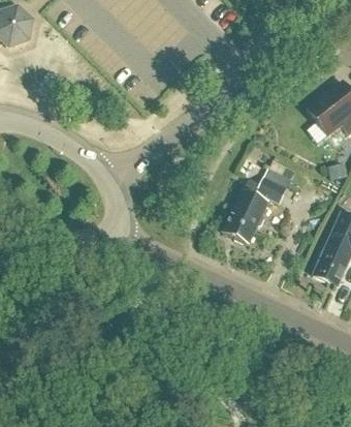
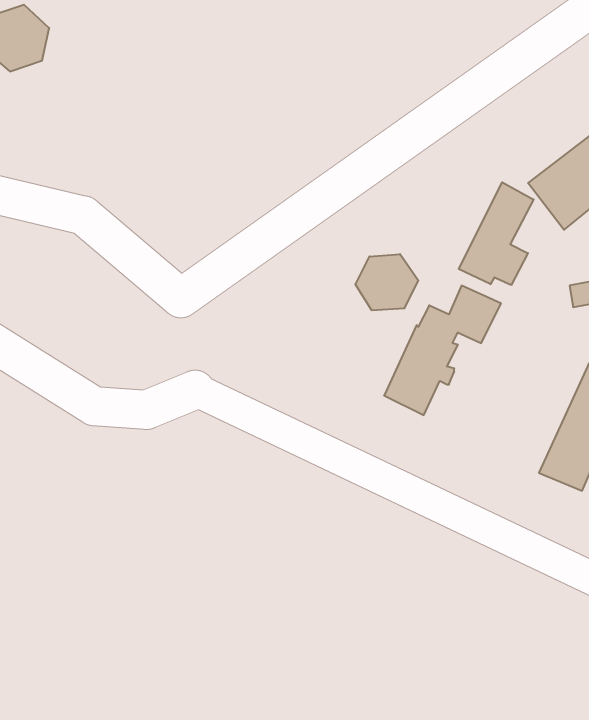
building: none -> [459,182,534,285]
building: none -> [355,254,418,310]

